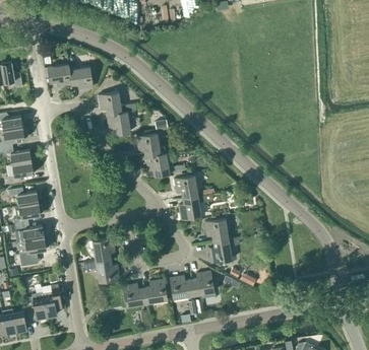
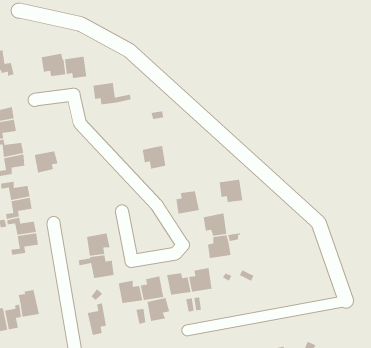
building: [106,112,130,135] -> none
building: [136,133,160,157] -> none
building: none -> [34,151,59,173]
building: [174,176,197,199] -> [219,179,243,203]
building: [42,284,61,317] -> [87,302,107,336]
building: none -> [147,297,170,322]

